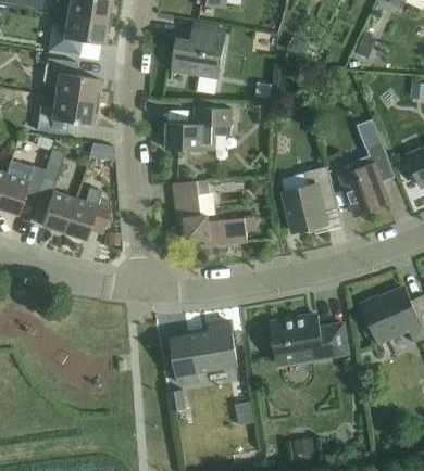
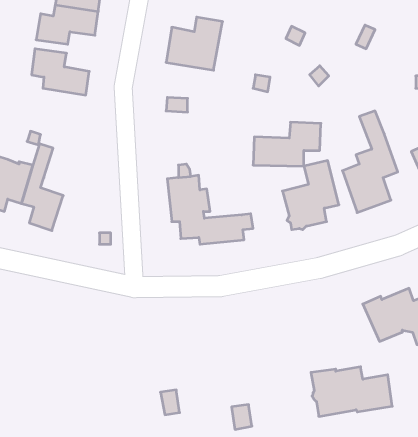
building: [35,97,95,136] -> none
building: [166,109,232,151] -> [253,122,321,166]
building: [62,188,109,240] -> none
building: [270,316,348,364] -> [311,367,392,416]
building: [171,321,237,383] -> none

